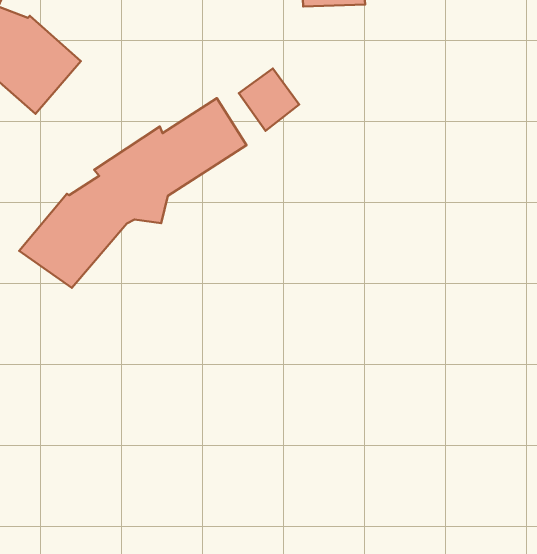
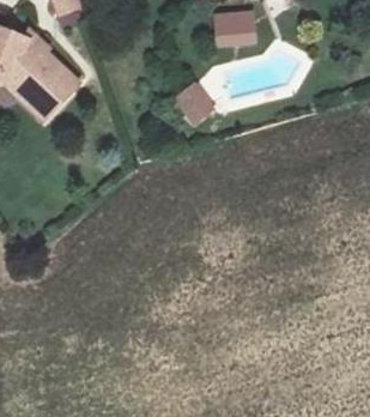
building: [19,98,247,288] -> none

